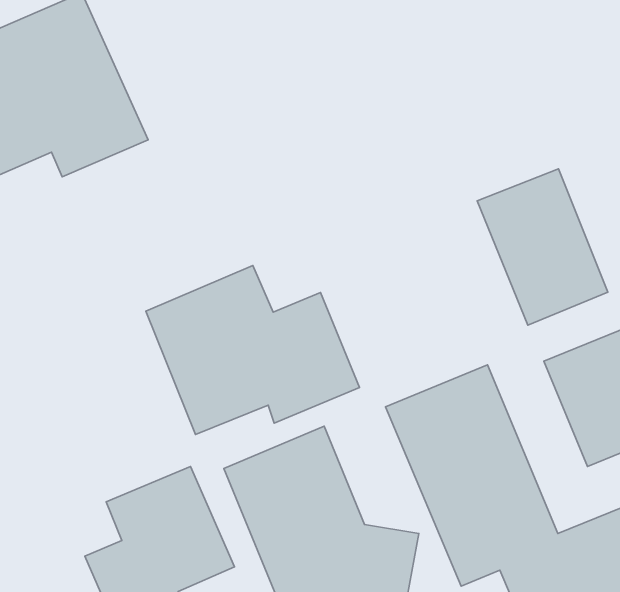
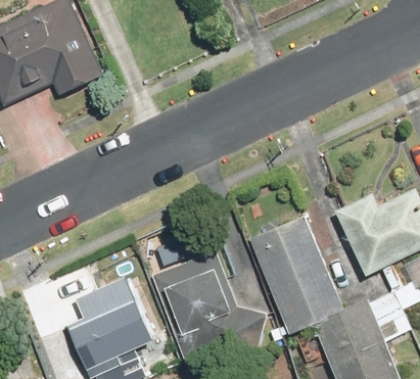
building: [477,169,608,325] -> none
building: [146,266,359,434] -> none

